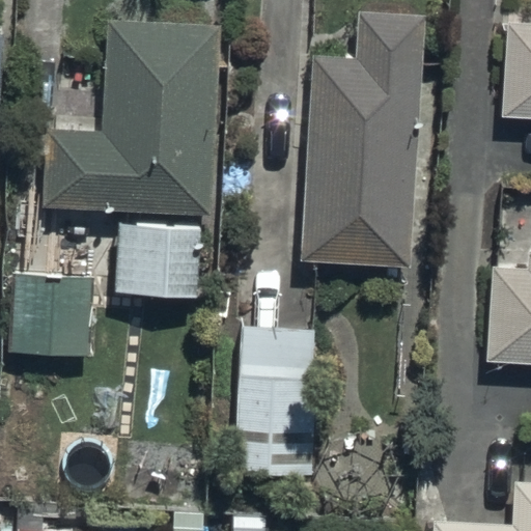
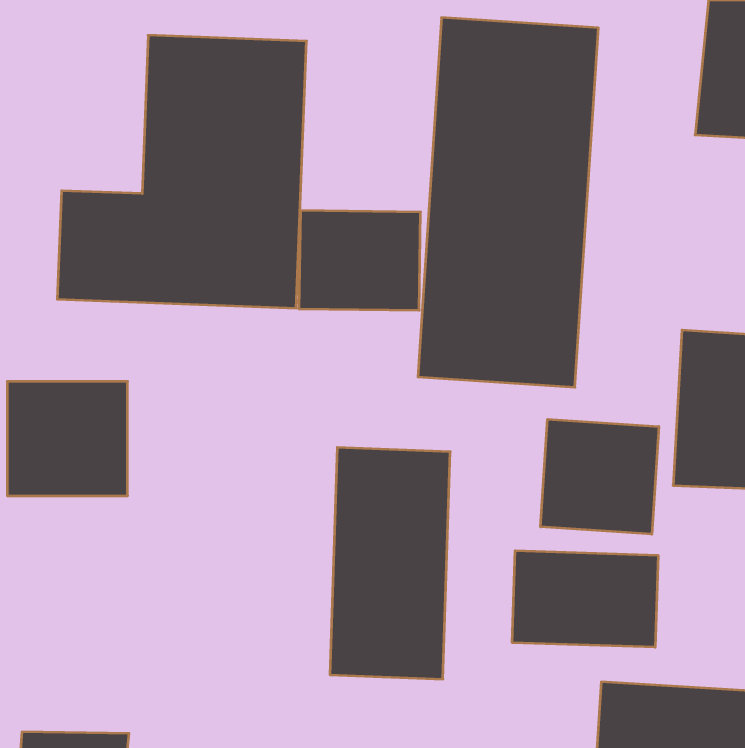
building: [118,225,204,296] -> [299,211,421,310]
building: none -> [541,419,659,534]
building: none -> [512,551,658,647]

